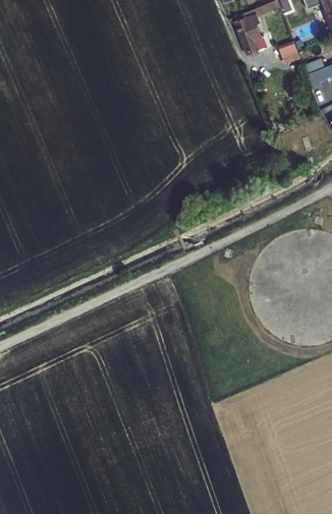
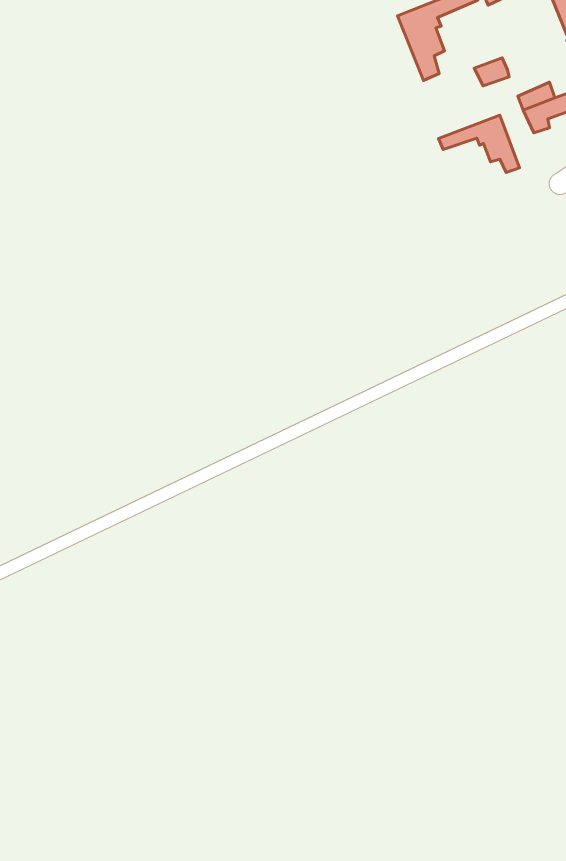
building: none -> [439,115,519,172]

